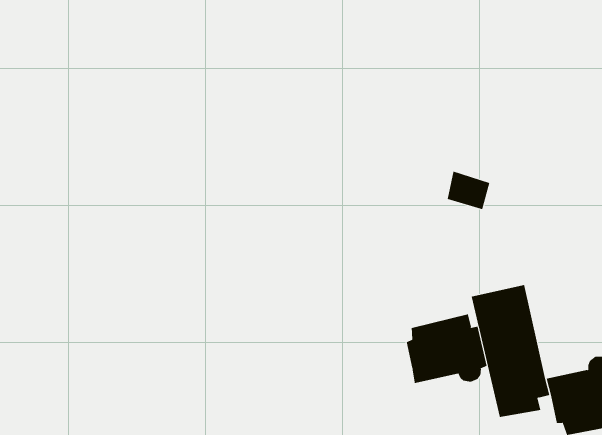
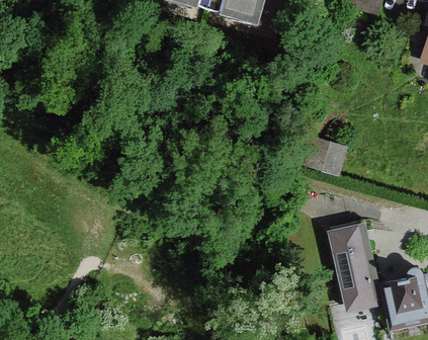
building: [406,313,487,384] -> none

